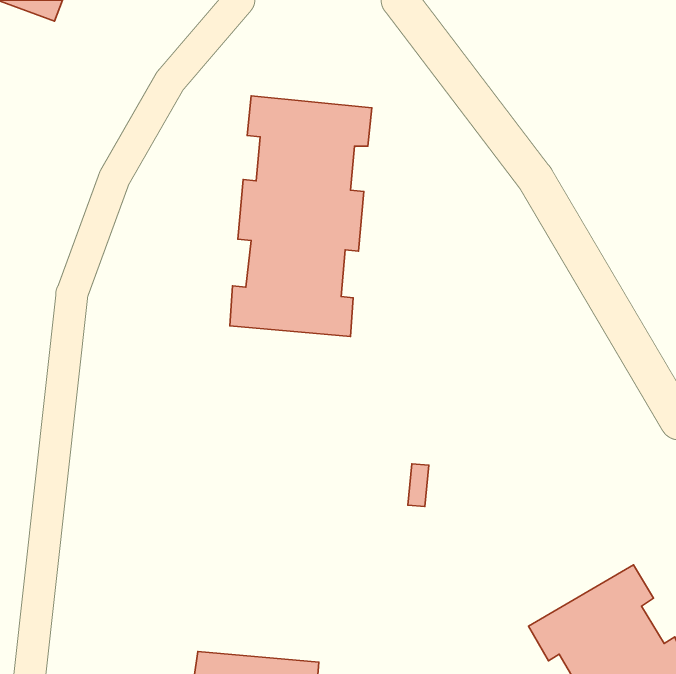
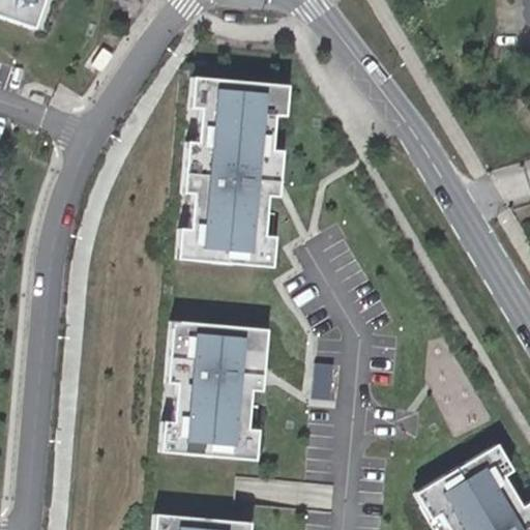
building: none -> [163,320,269,458]

